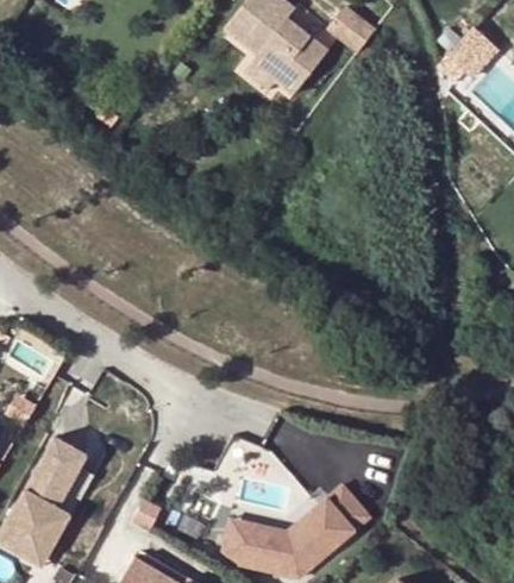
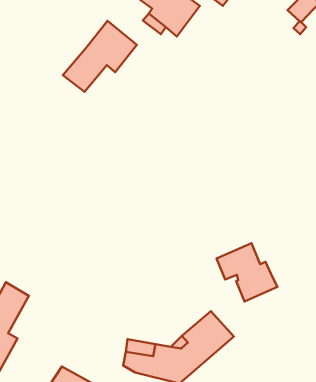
building: none -> [63,21,137,92]
building: none -> [216,243,278,301]

